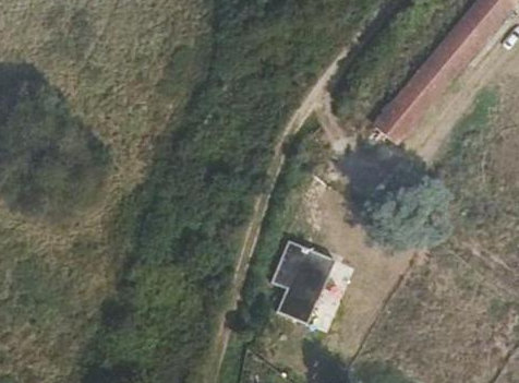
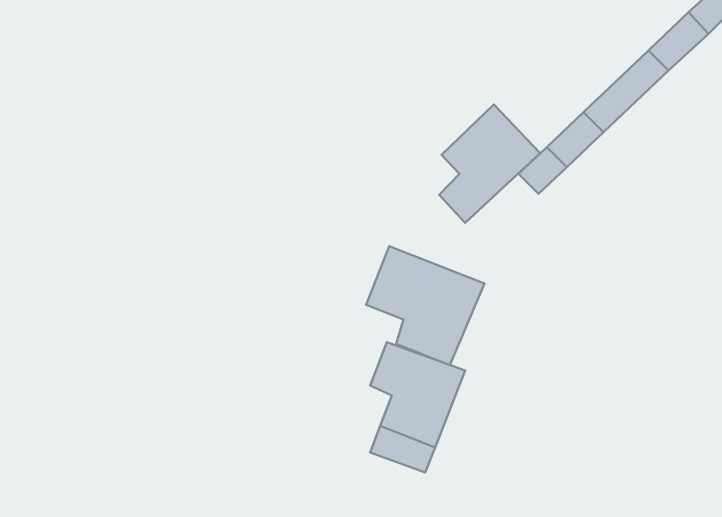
building: none -> [439,105,540,223]
building: none -> [366,246,484,365]

